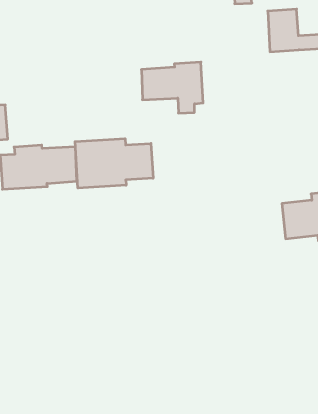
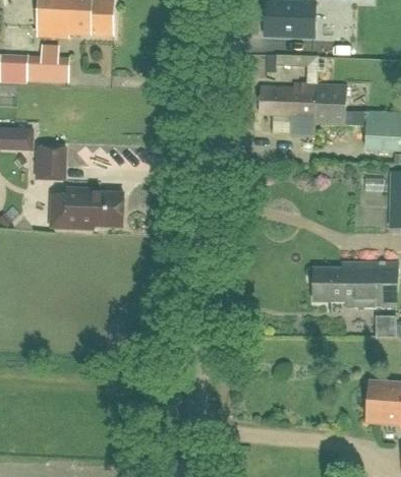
building: [141,62,203,113] -> [261,83,320,131]
building: [75,139,153,188] -> none

